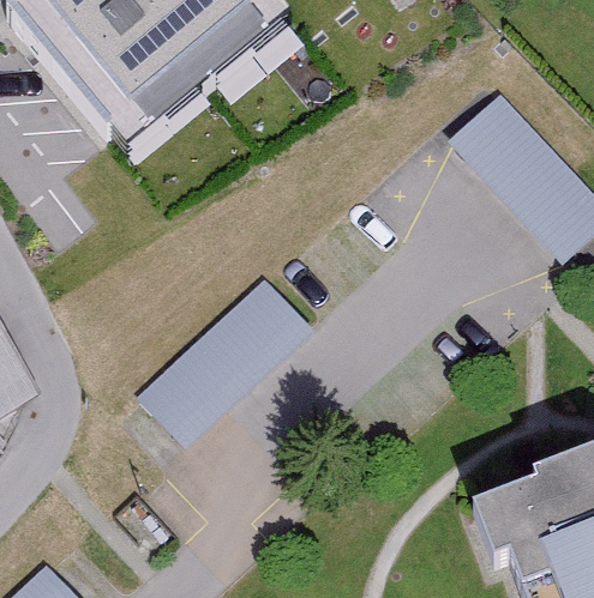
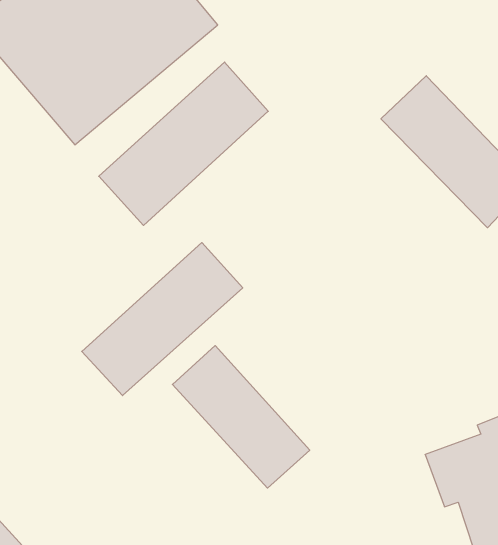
building: none -> [99,62,268,225]
building: none -> [172,346,310,488]

